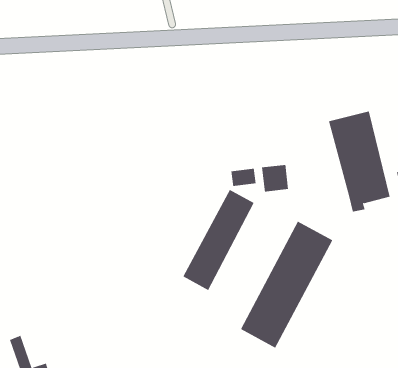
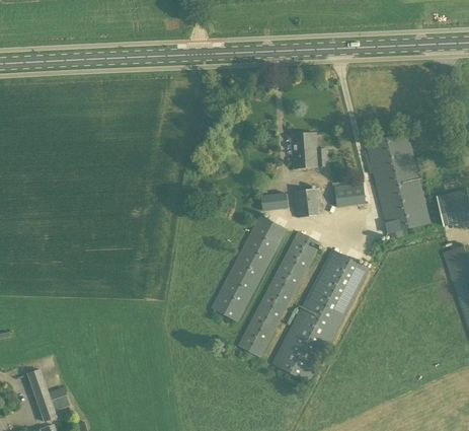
building: none -> [291,132,326,167]
building: none -> [333,182,366,207]
building: none -> [237,230,320,357]

